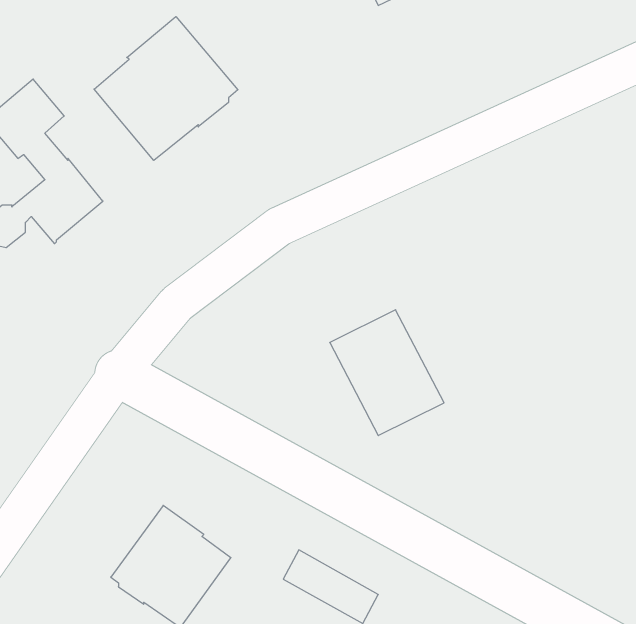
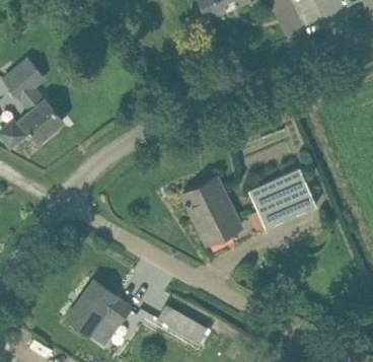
building: [94,17,238,160] -> none
building: none -> [247,167,316,228]

